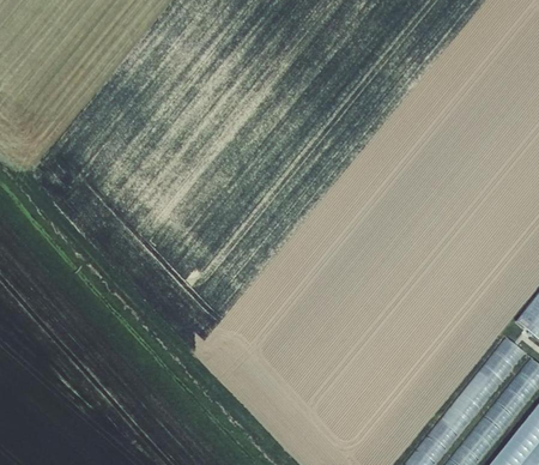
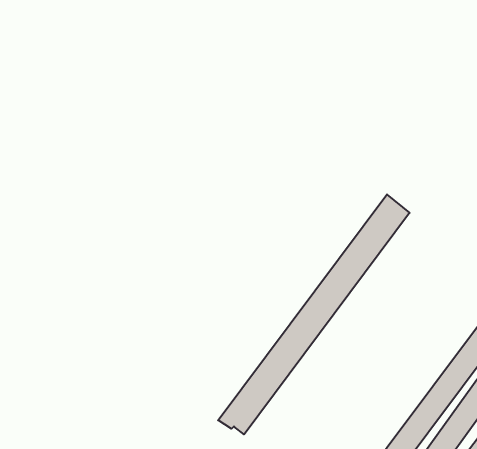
building: none -> [218,194,410,434]

